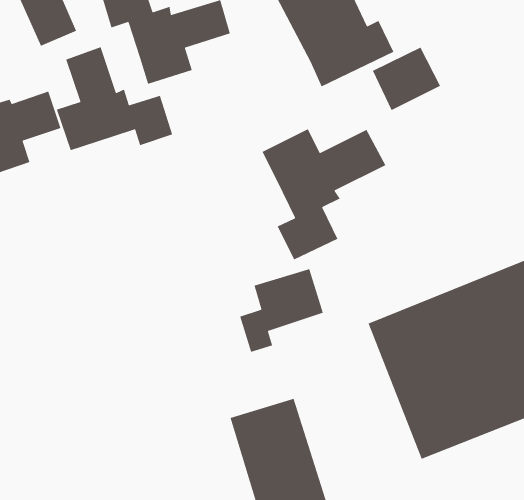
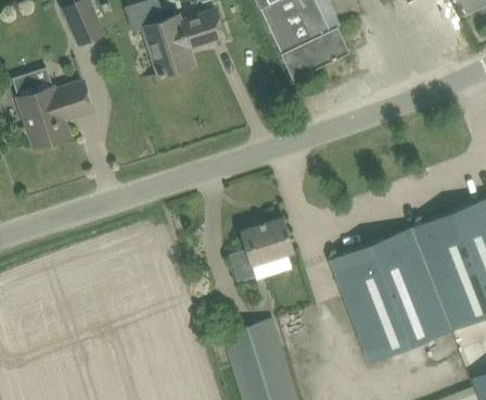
building: [56,46,173,151] -> none
building: [372,47,441,111] -> none
building: [262,128,387,260] -> none

